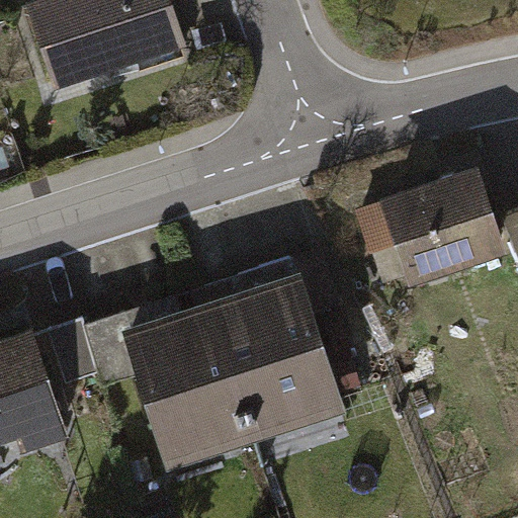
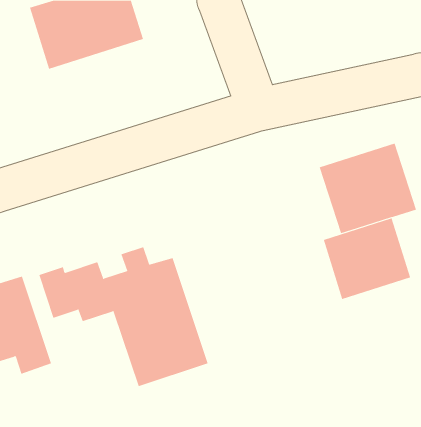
building: [209,259,343,440] -> none
building: none -> [323,218,411,300]

